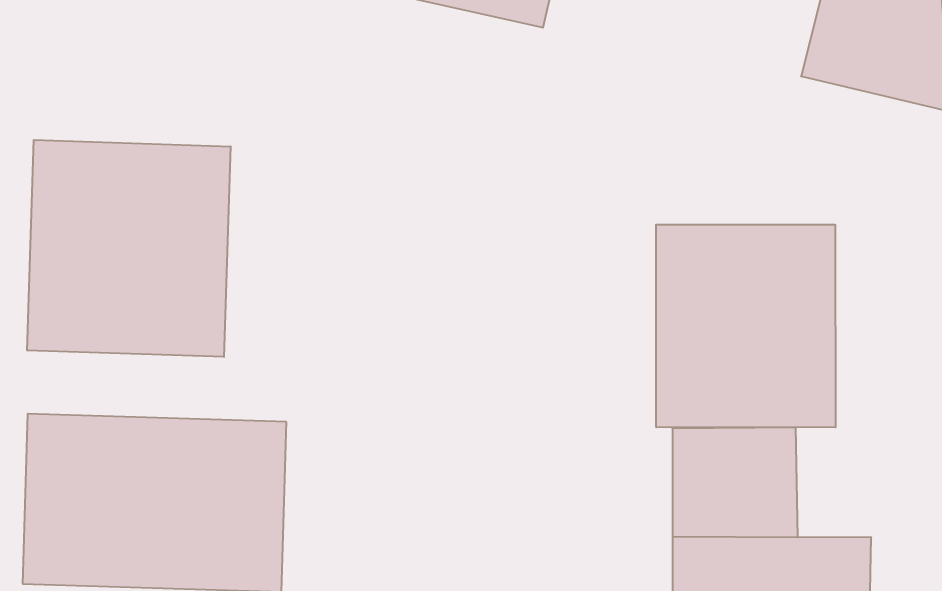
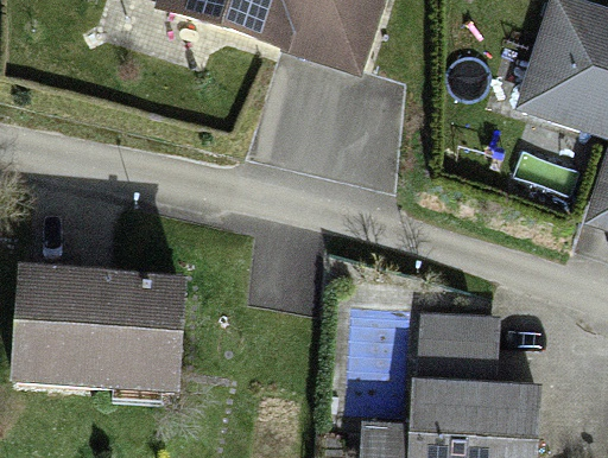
building: [27,140,231,357] -> none
building: [656,225,835,427] -> none

